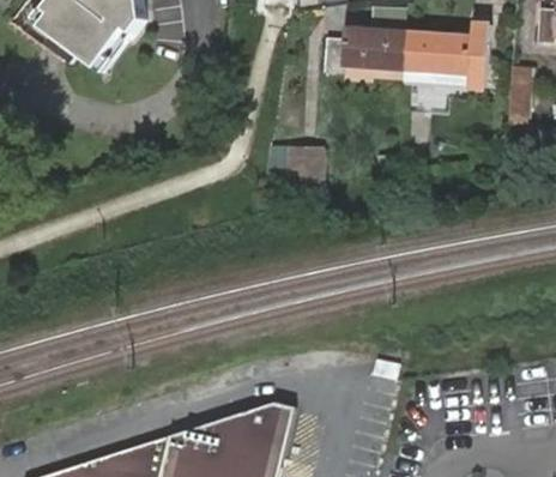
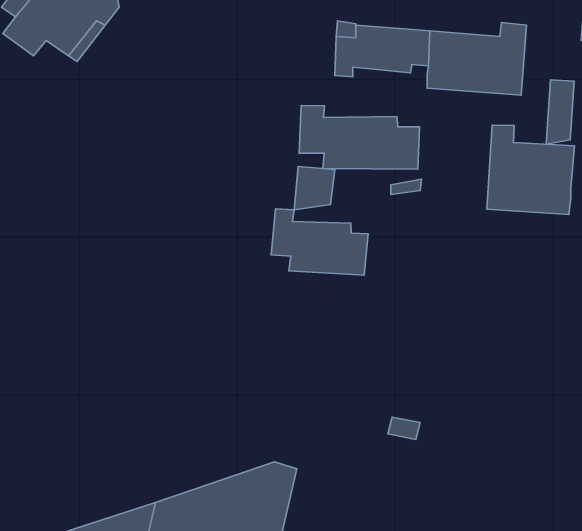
building: none -> [299,106,419,169]
building: none -> [487,125,575,215]
building: none -> [271,209,368,275]

